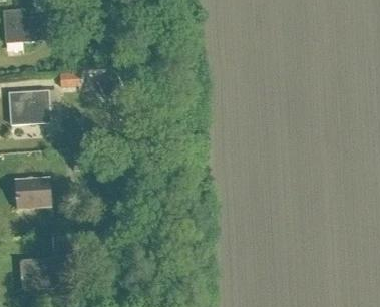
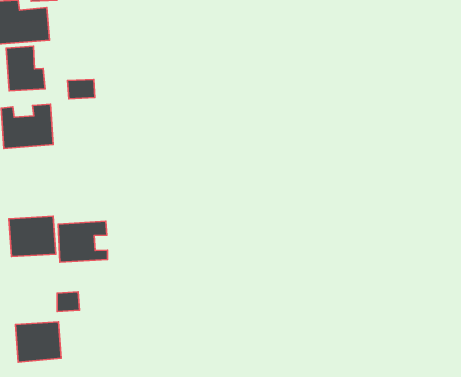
building: none -> [6,46,45,91]
building: none -> [58,221,108,262]

